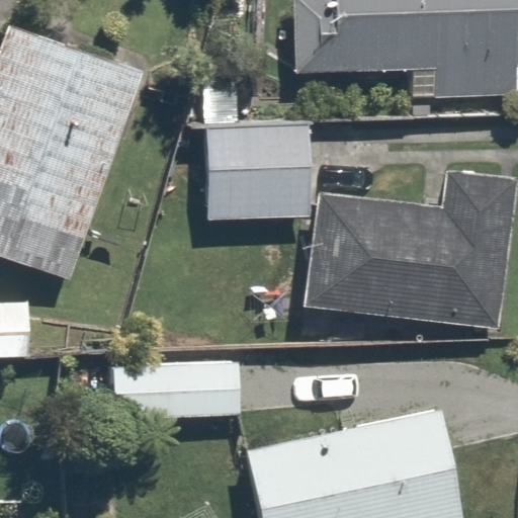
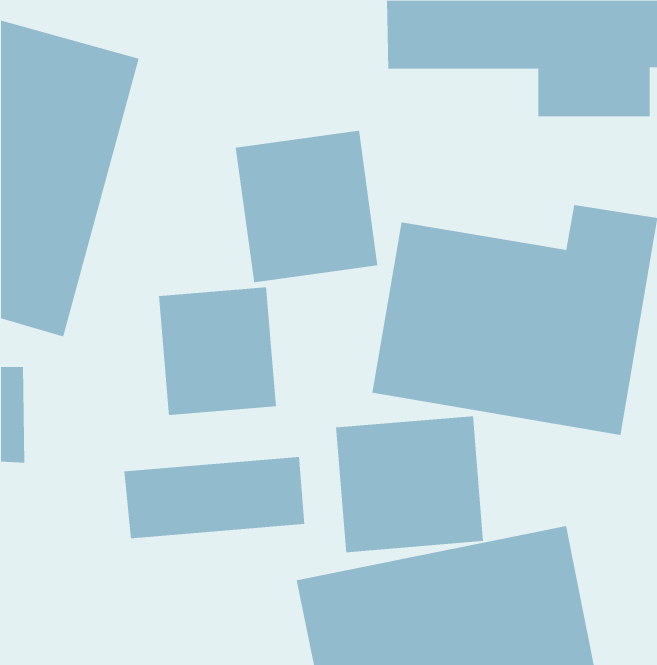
building: none -> [159,286,276,416]
building: none -> [336,416,484,553]

